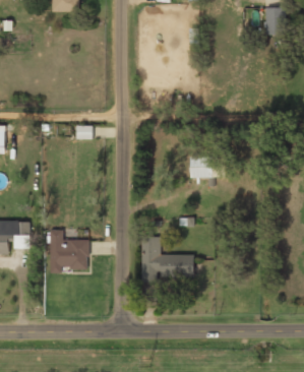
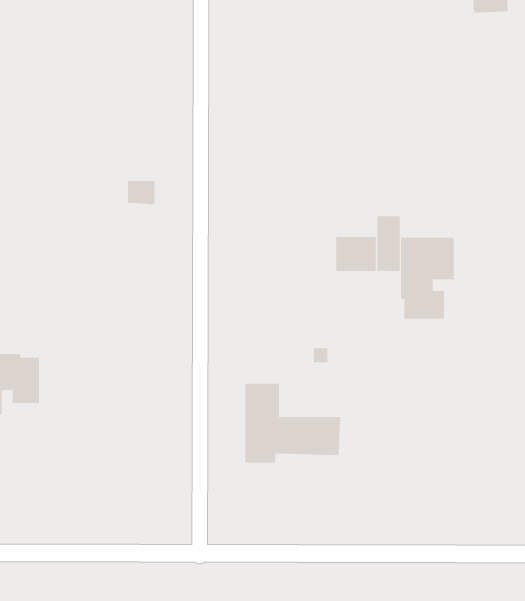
building: none -> [401,237,454,320]
building: [50,230,89,272] -> none

